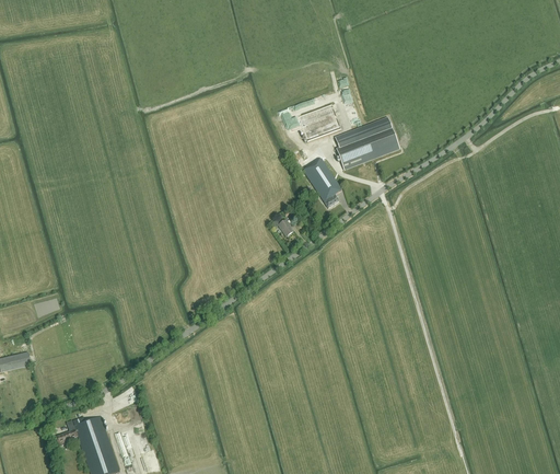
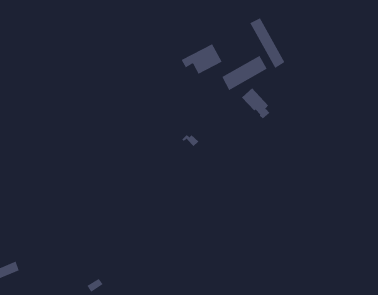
building: none -> [250,17,285,69]
building: [304,162,339,206] -> [241,88,270,119]

